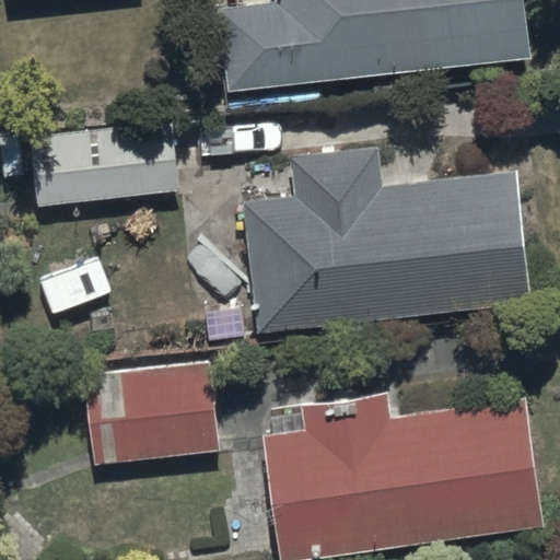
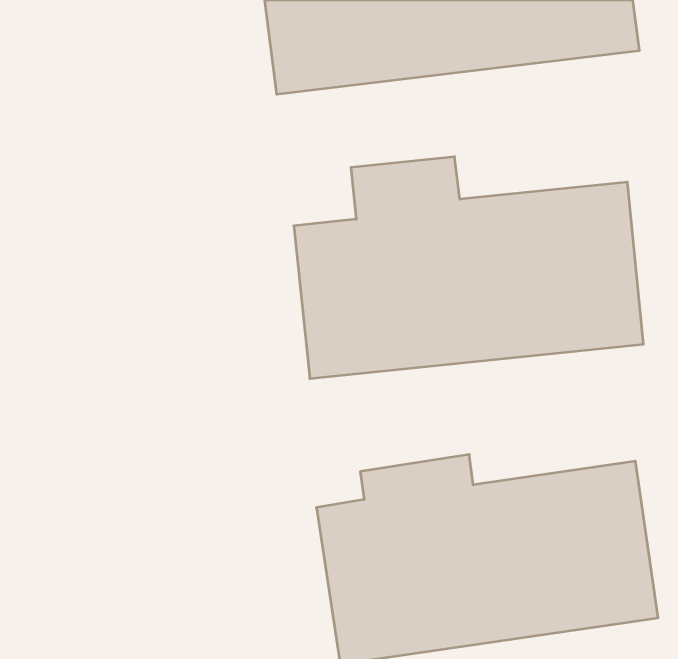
building: [11,125,182,208] -> none
building: [83,361,220,467] -> none

